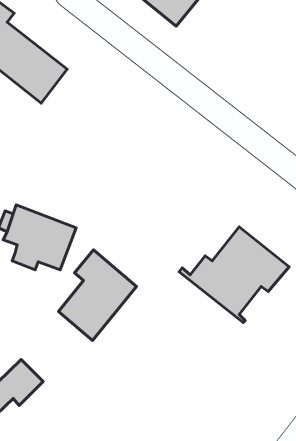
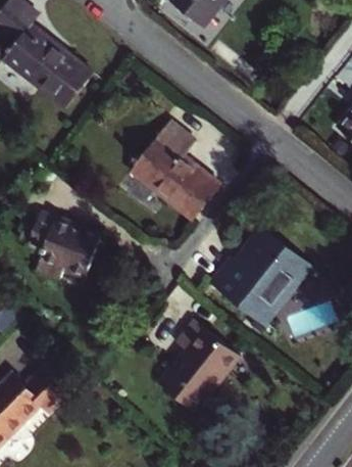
building: none -> [132,122,219,219]
building: [58,250,136,341] -> [158,319,238,412]

